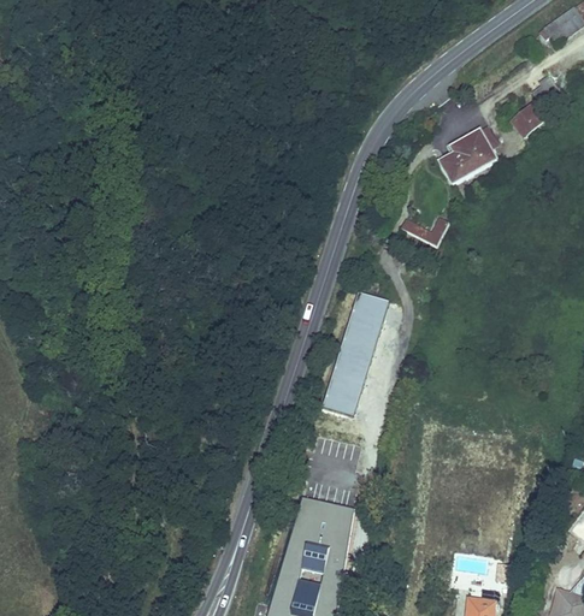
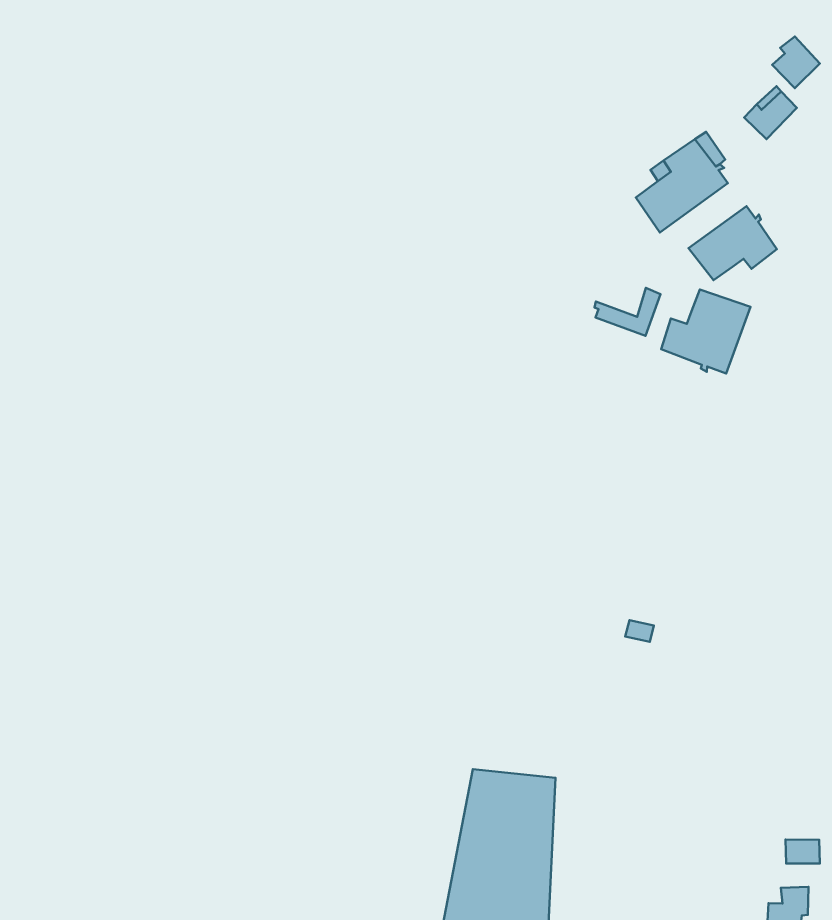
building: none -> [689,206,777,280]
building: none -> [661,290,751,374]
building: [323,294,387,417] -> none

